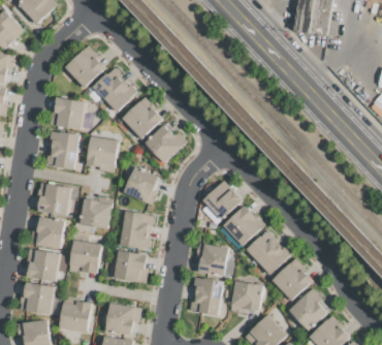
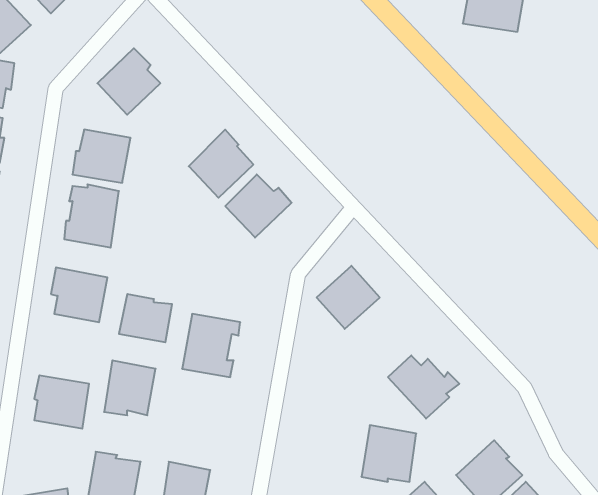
building: [94,67,137,112] -> none
building: [87,136,119,169] -> none
building: [122,166,162,206] -> none
building: [225,207,261,246] -> none
building: [36,216,66,249] -> none
building: [196,242,228,277] -> none
building: [114,251,149,283] -> none
building: [274,264,314,302] -> none
building: [189,277,223,315] -> none
building: [19,282,56,314] -> none

